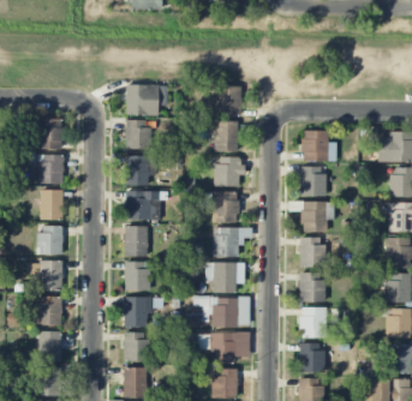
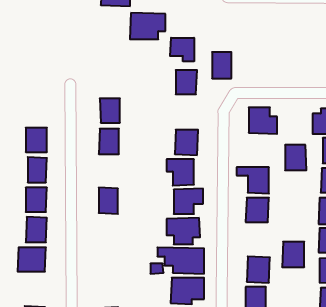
building: none -> [170,38,194,61]
building: [126,84,168,115] -> [130,13,165,39]
building: [37,119,64,150] -> none
building: [215,121,238,152] -> [212,52,231,78]
building: [300,167,326,197] -> [285,145,306,170]
building: [125,191,161,221] -> none
building: [125,262,150,291] -> none
building: [299,273,326,303] -> [282,242,304,267]
building: [124,297,153,328] -> none
building: [38,331,61,361] -> none
building: [124,333,148,361] -> none

